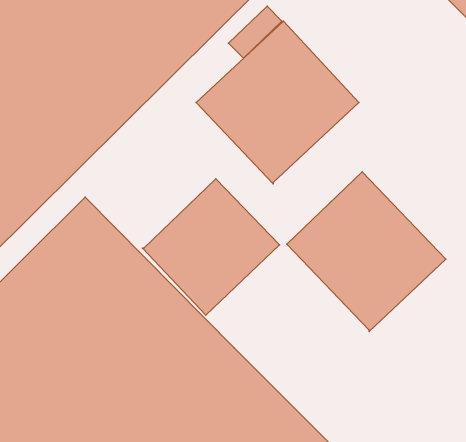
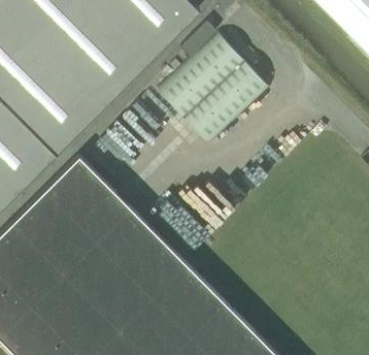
building: [287,172,446,332] -> none
building: [143,179,279,315] -> none

